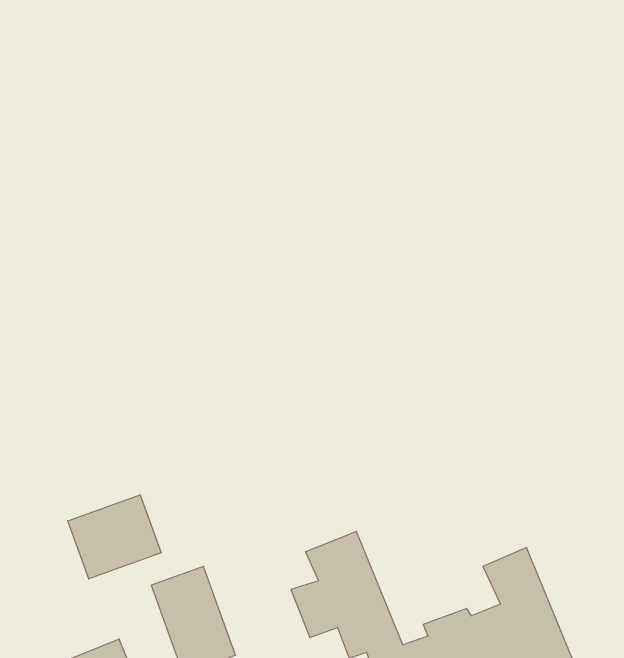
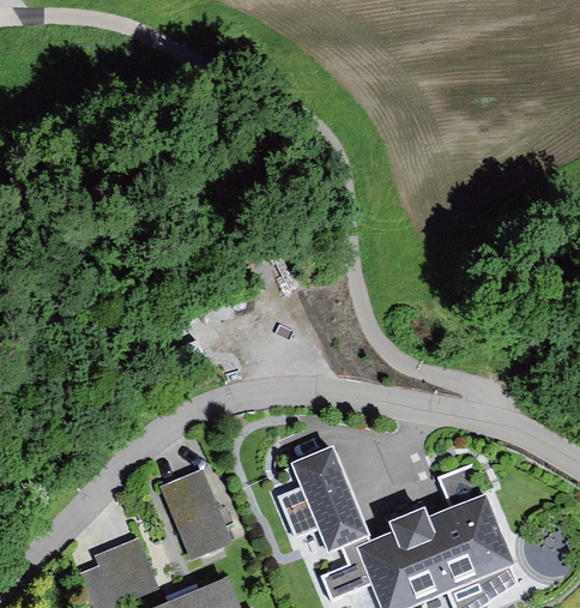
building: [68,495,161,579] -> none

